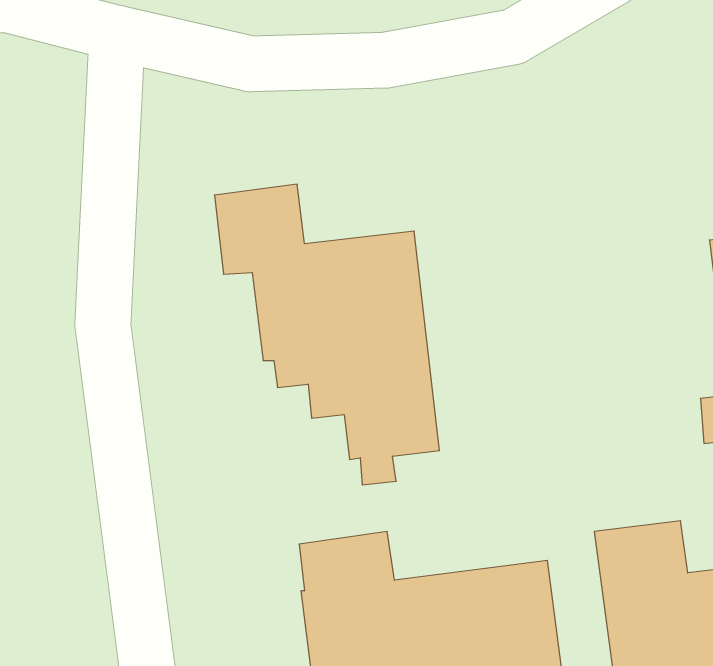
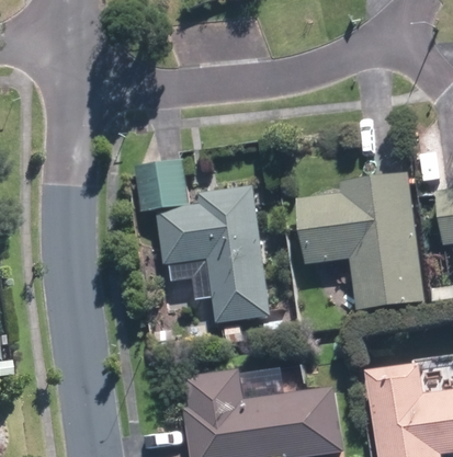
building: none -> [295,171,426,310]

